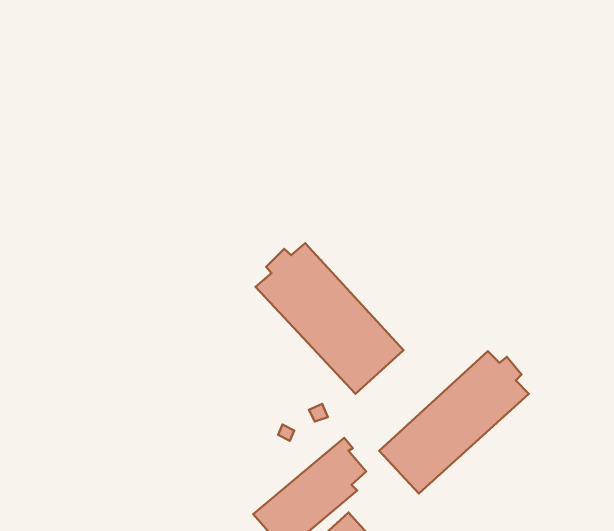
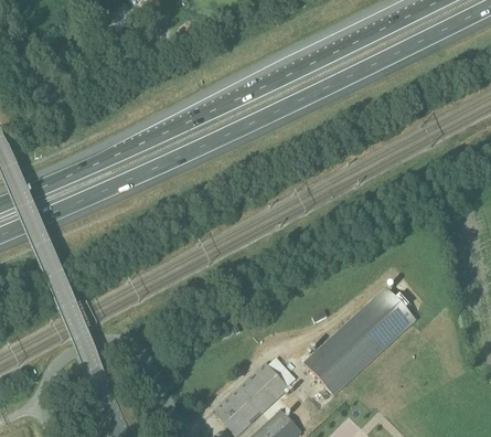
building: [256,243,403,394] -> none

